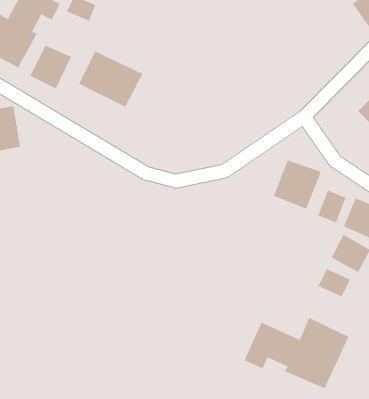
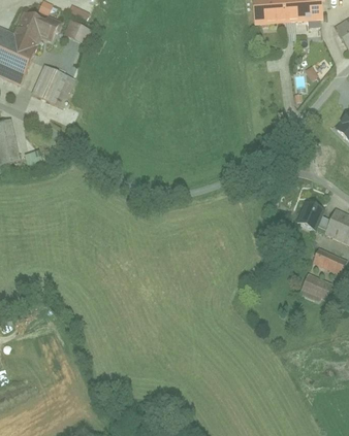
building: [79,51,143,108] -> none
building: [273,159,322,209] -> none
building: [244,317,349,389] -> none

